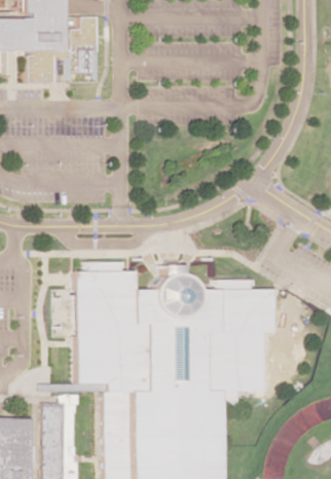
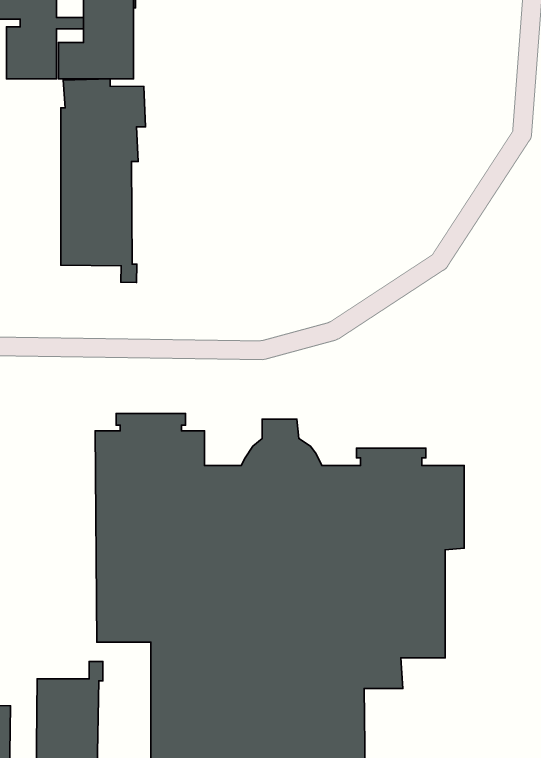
building: none -> [61,79,145,282]

